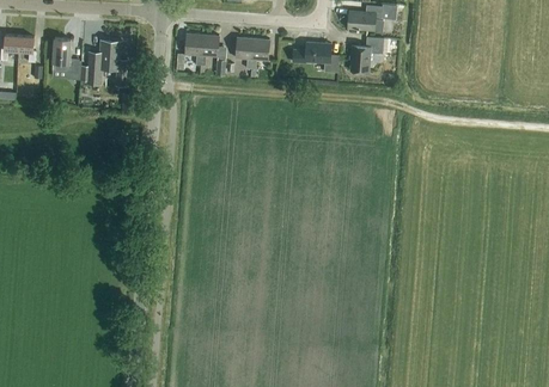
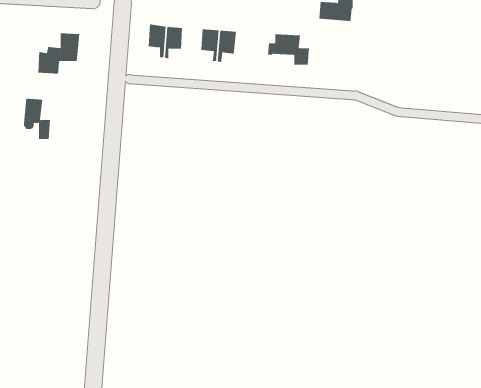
building: [350,37,384,72] -> none
building: [53,38,79,78] -> [23,98,51,140]

